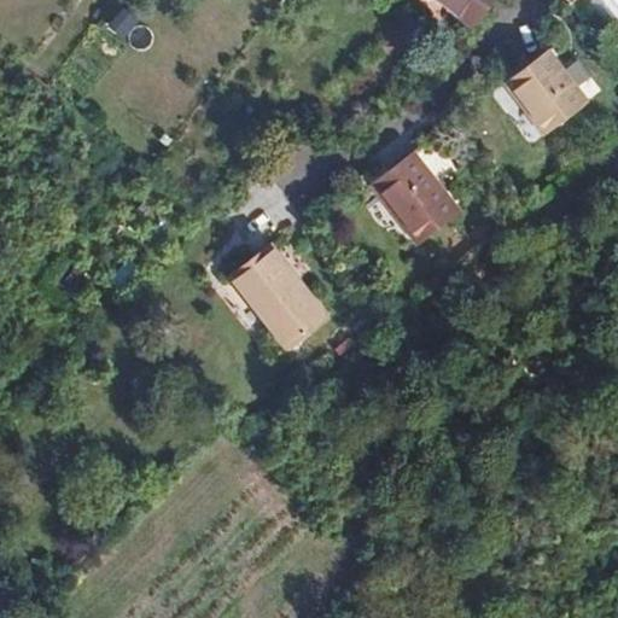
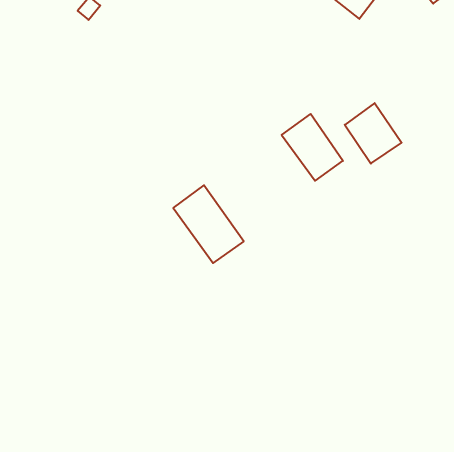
building: [508,49,584,130] -> [345,103,402,164]

